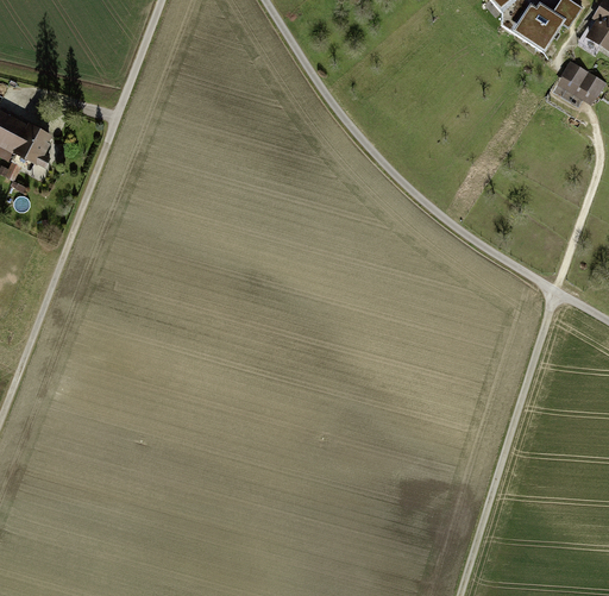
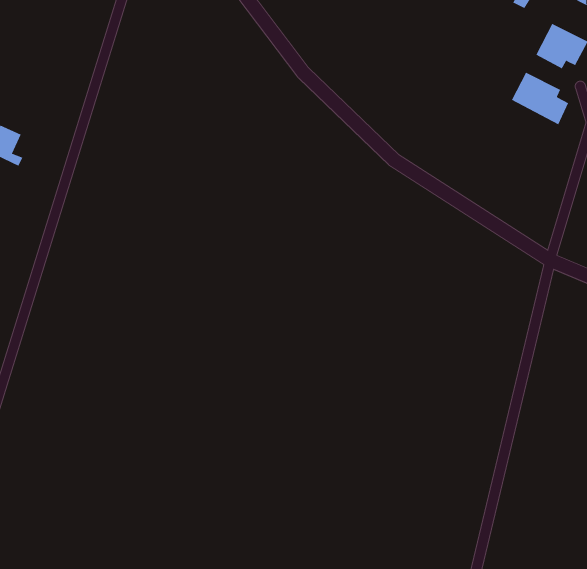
building: none -> [511,72,569,125]

